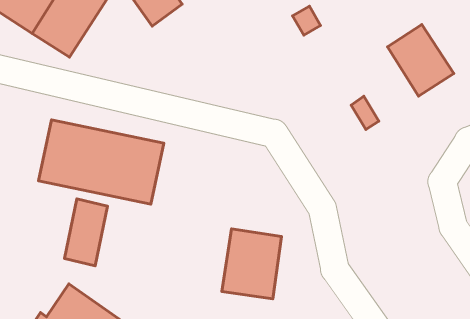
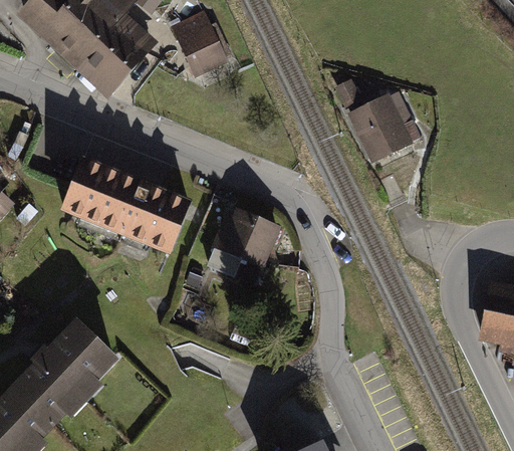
building: [388,24,454,96] -> [354,98,416,169]
building: [64,199,108,266] -> none
building: [222,229,282,299] -> [208,206,275,281]

